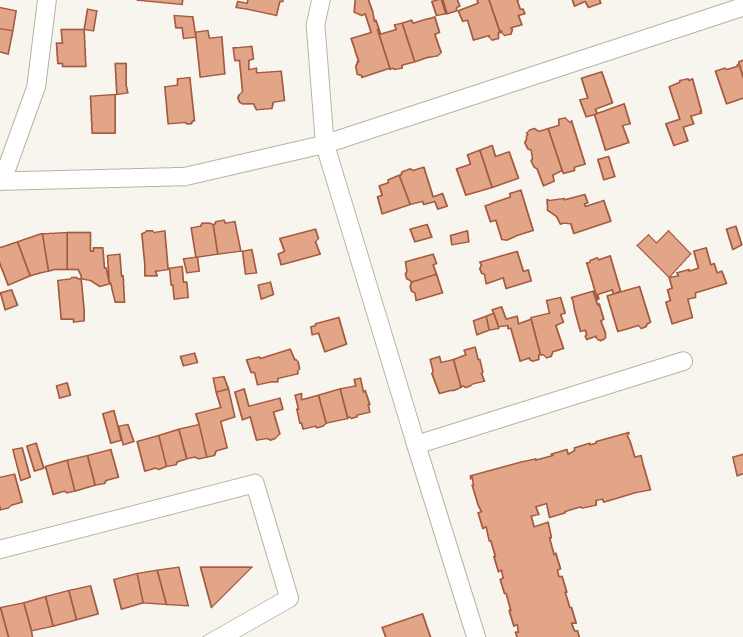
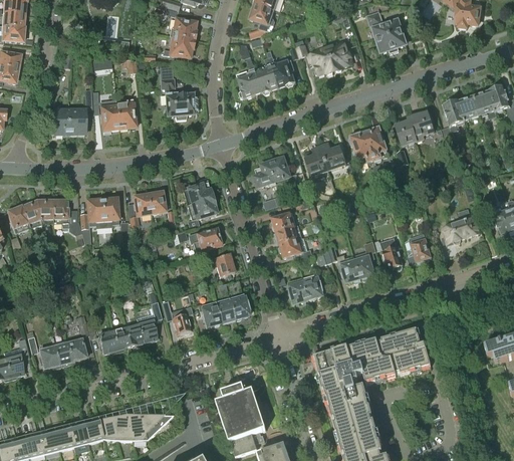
building: [56,29,86,67] -> [50,109,69,134]
building: [195,31,225,77] -> [99,99,118,130]
building: none -> [458,93,480,120]
building: [580,72,613,117] -> [413,110,434,140]
building: [485,190,533,240] -> none
building: [547,195,611,233] -> none
building: none -> [183,179,214,202]
building: [637,231,691,277] -> none
building: [480,251,531,289] -> [279,235,312,259]
building: [587,256,620,299] -> none
building: [58,277,84,322] -> [86,198,103,227]
building: [247,349,299,385] -> [188,227,222,250]
building: none -> [216,384,265,455]
building: none -> [125,415,147,441]
building: none -> [68,423,89,452]

